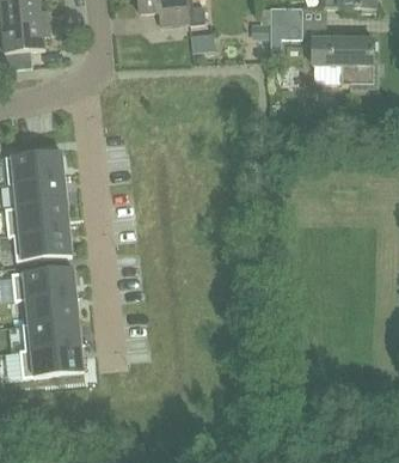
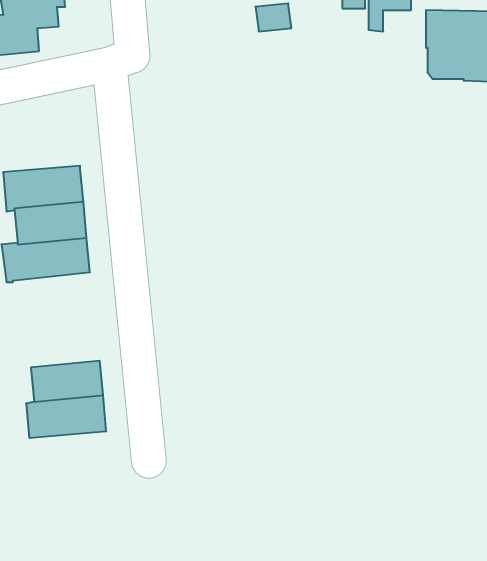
building: [12,227,70,260] -> none
building: [11,266,75,299] -> none
building: [18,343,82,377] -> none

